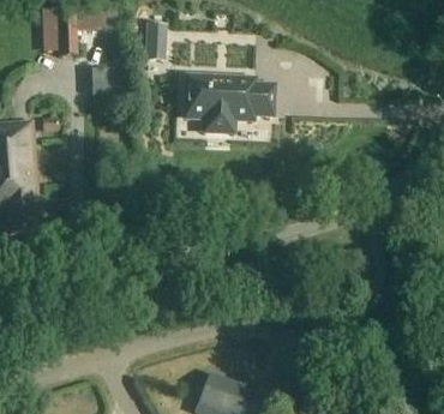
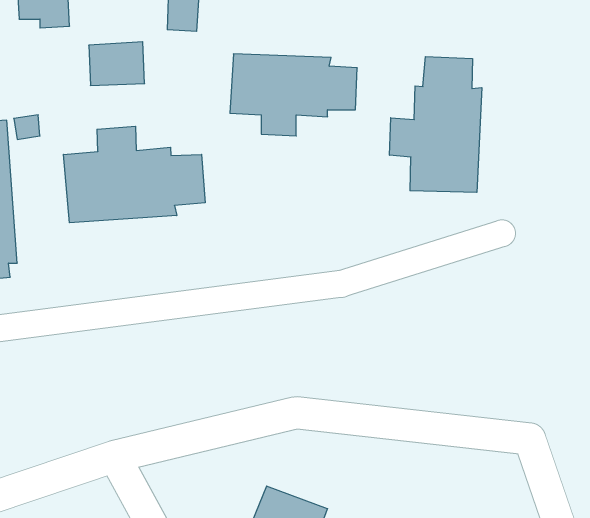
building: none -> [390,57,482,192]
building: none -> [63,126,205,223]

